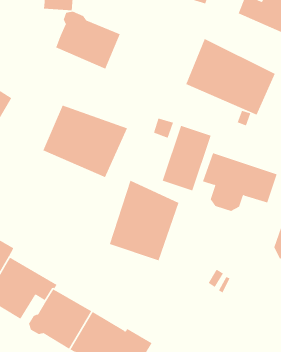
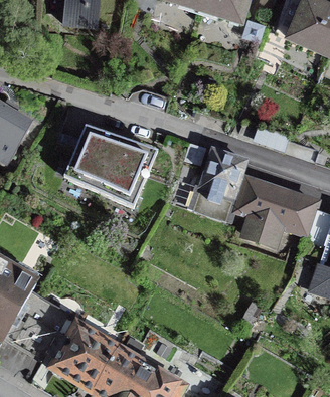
building: [55,11,120,69] -> none
building: [185,38,275,116] -> none
building: [109,180,179,261] -> none

